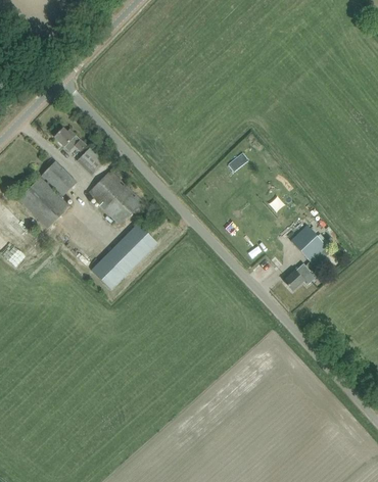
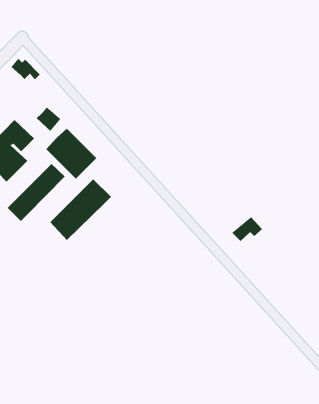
building: [54,128,86,151] -> [10,58,41,80]
building: none -> [7,163,66,222]
building: [290,225,331,267] -> none

